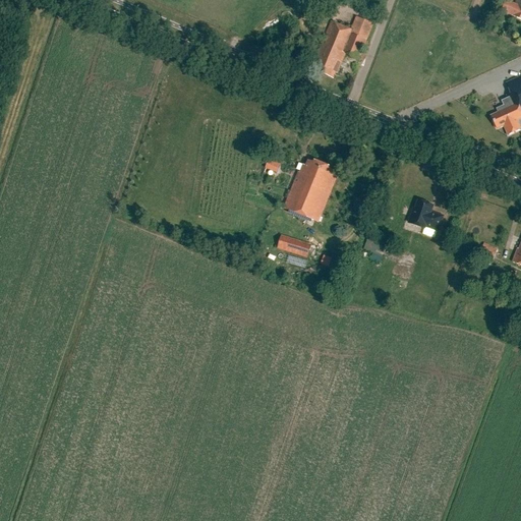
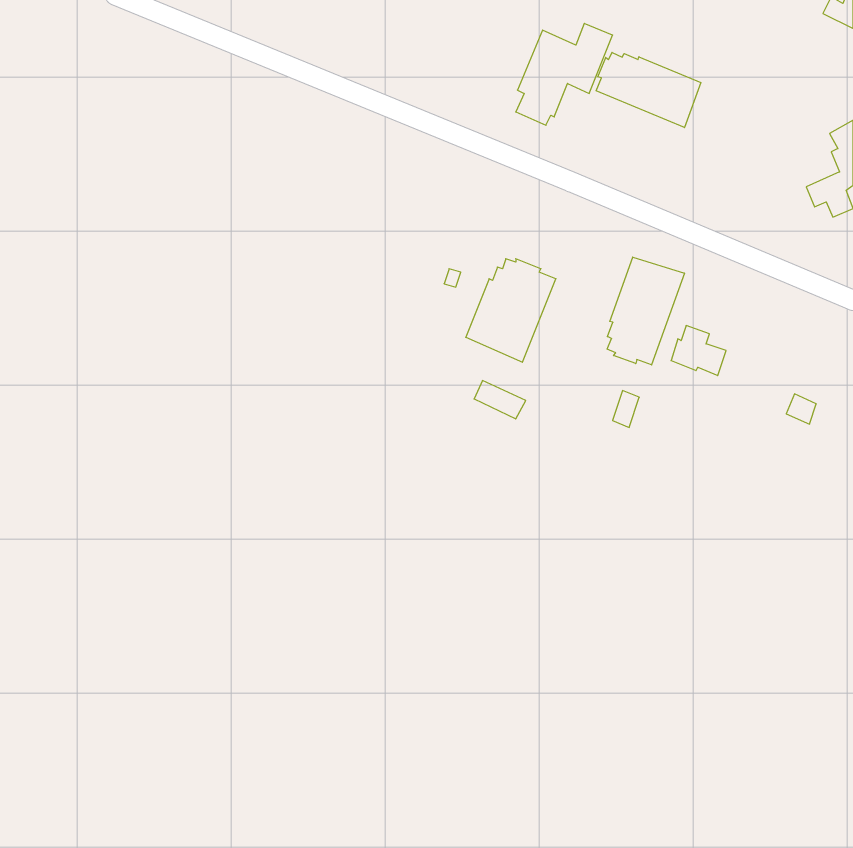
building: none -> [596,52,701,128]
building: none -> [607,257,684,365]

